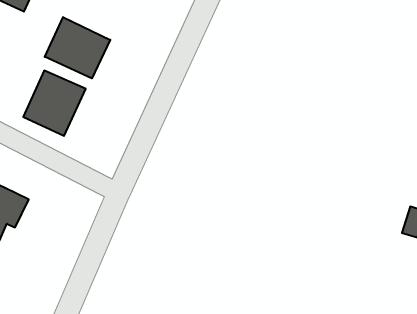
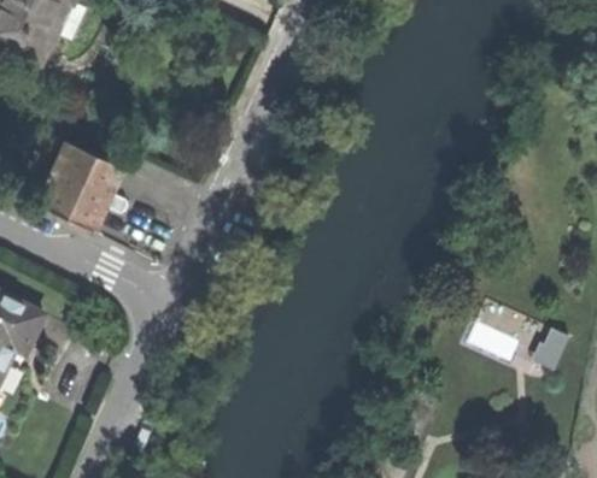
building: [45,17,110,78] -> none

